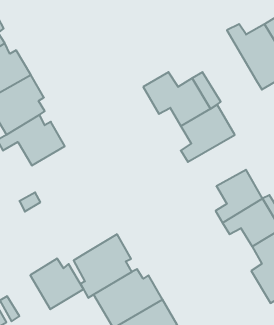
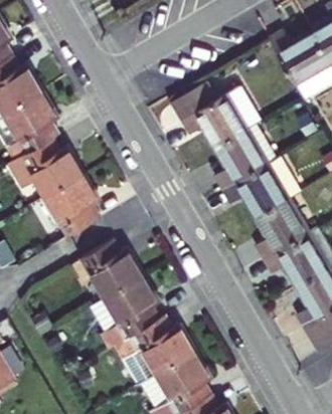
building: none -> [223,157,303,219]
building: none -> [43,173,98,235]
building: [30,259,83,309] -> [80,239,142,297]

